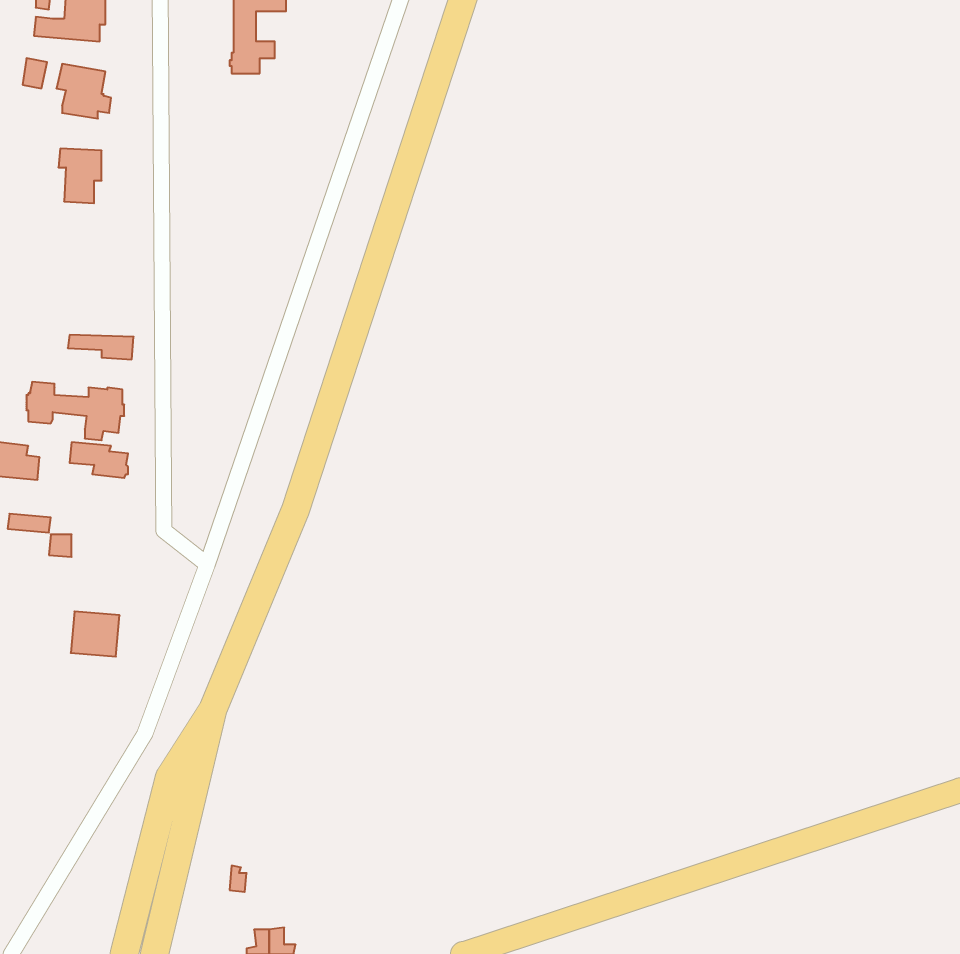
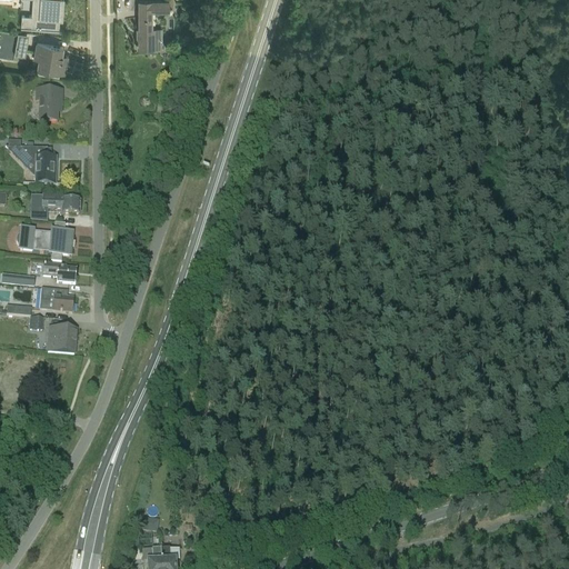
building: none -> [7,138,59,182]
building: none -> [38,287,72,311]
building: [71,611,120,657] -> [46,326,74,352]

